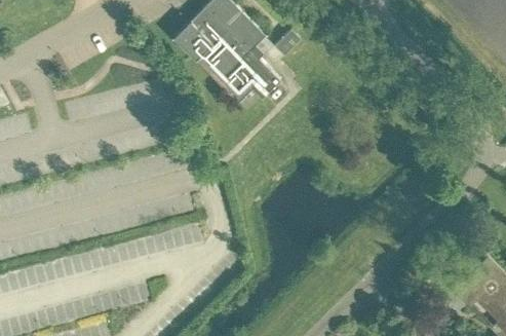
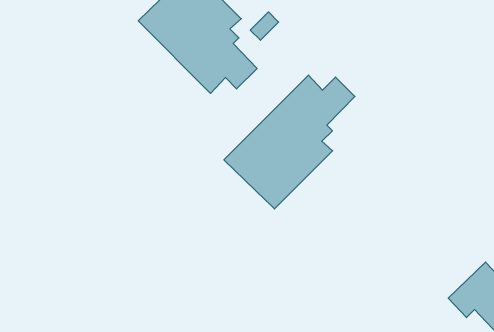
building: none -> [224,75,355,209]

